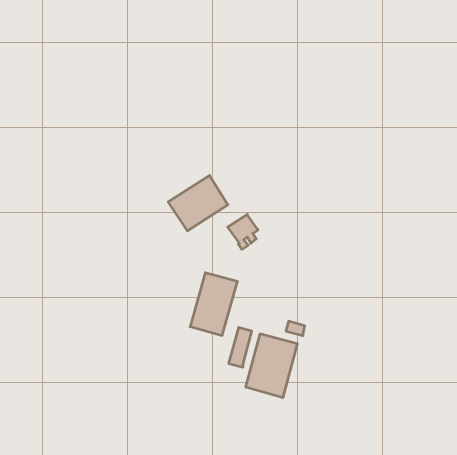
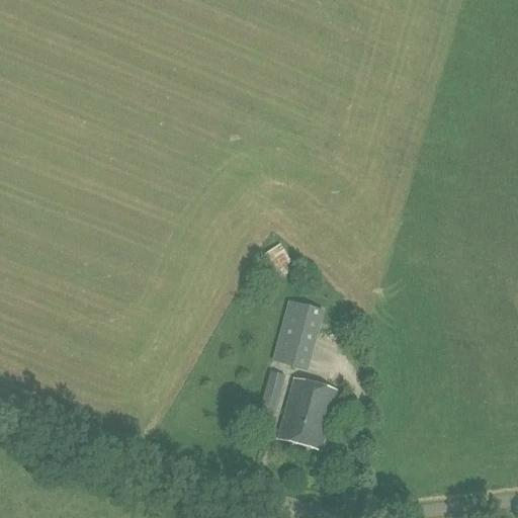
building: [168,175,228,231] -> none
building: [190,273,238,335] -> [270,298,324,369]

